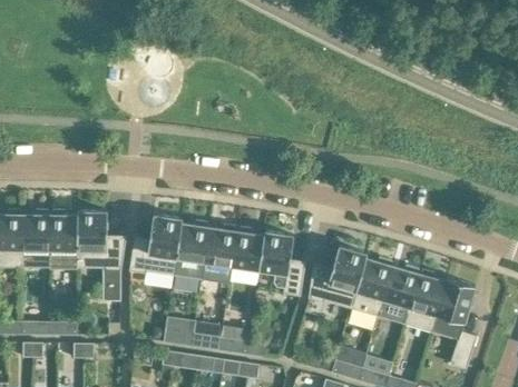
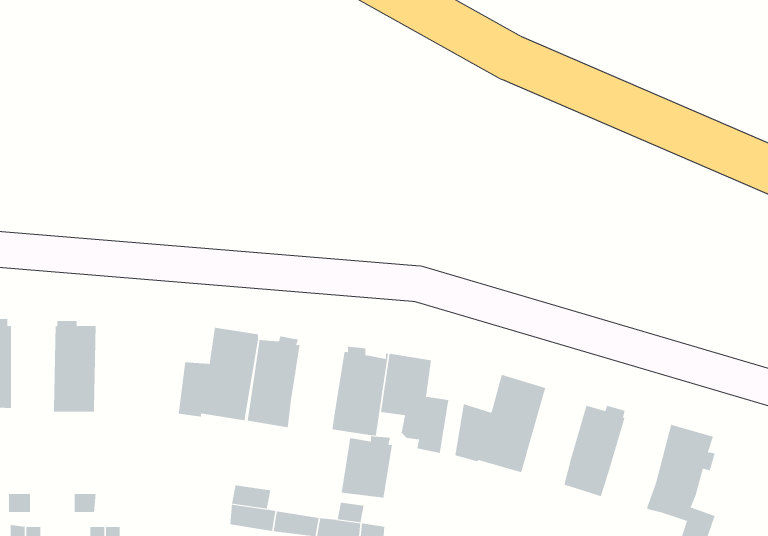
building: [23,210,51,268] -> none
building: [77,211,126,301] -> none
building: [204,226,237,266] -> [341,436,393,498]
building: [352,258,393,317] -> none
building: [403,270,448,333] -> none

